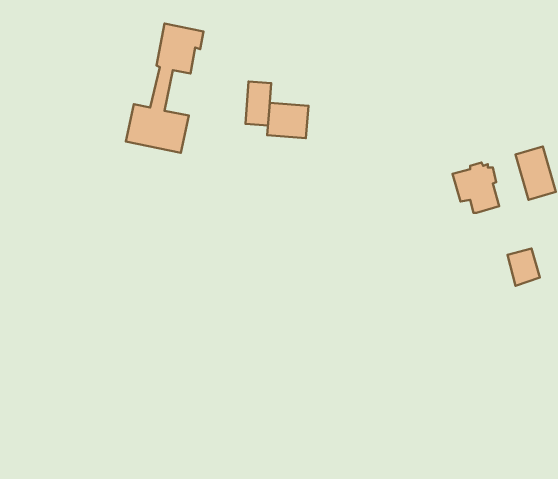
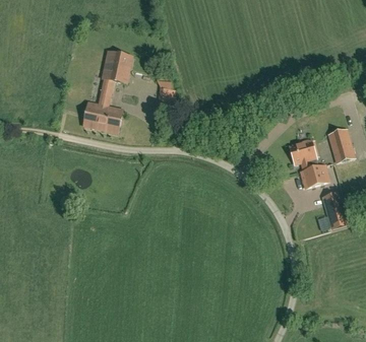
building: [267,103,308,138] -> none
building: none -> [300,163,329,187]

